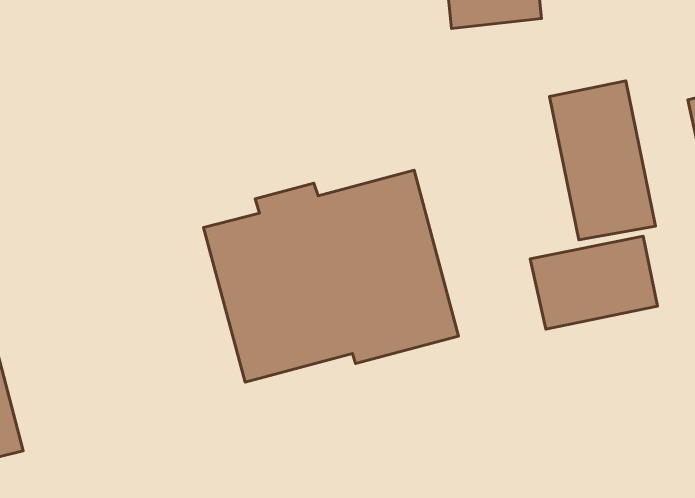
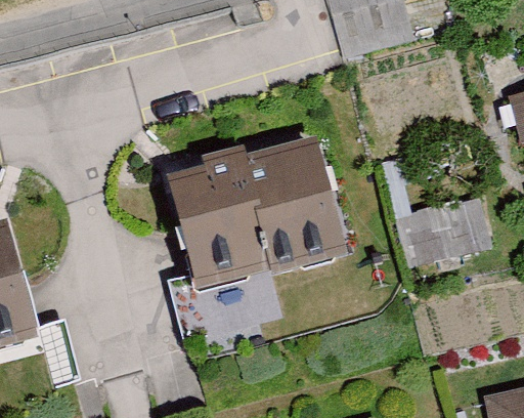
building: [550,81,656,240] -> none

